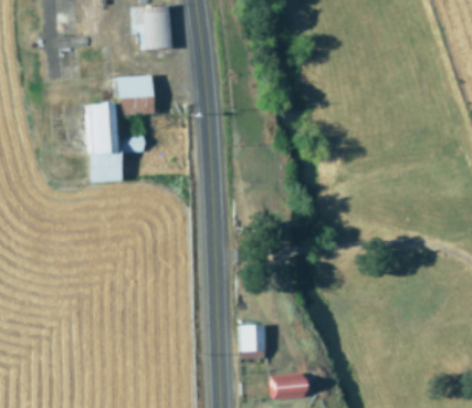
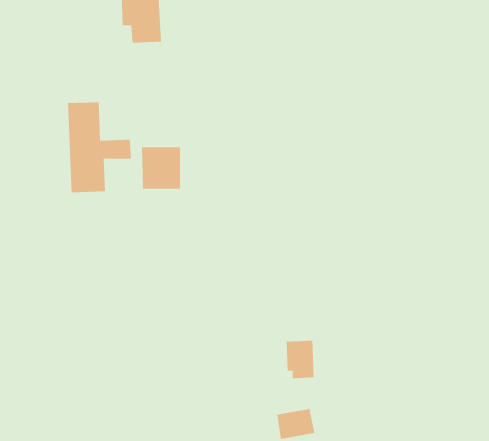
building: [117,76,153,114] -> [141,147,181,189]
building: [241,325,266,359] -> [286,340,314,379]

